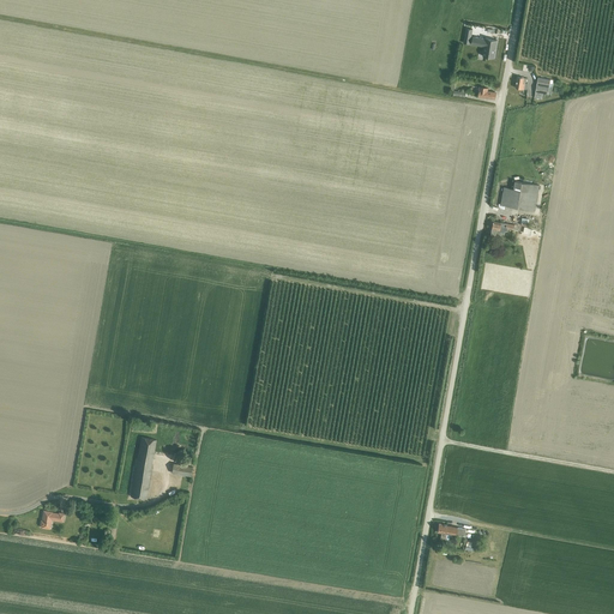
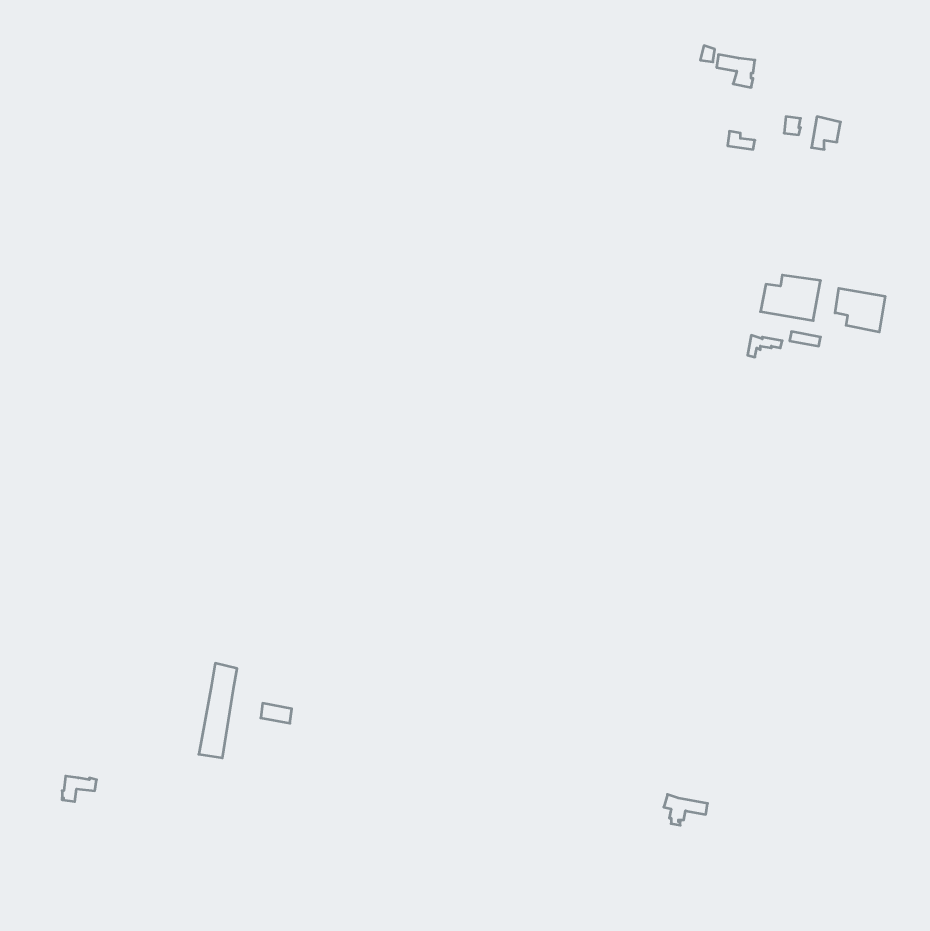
building: none -> [835,288,885,332]

